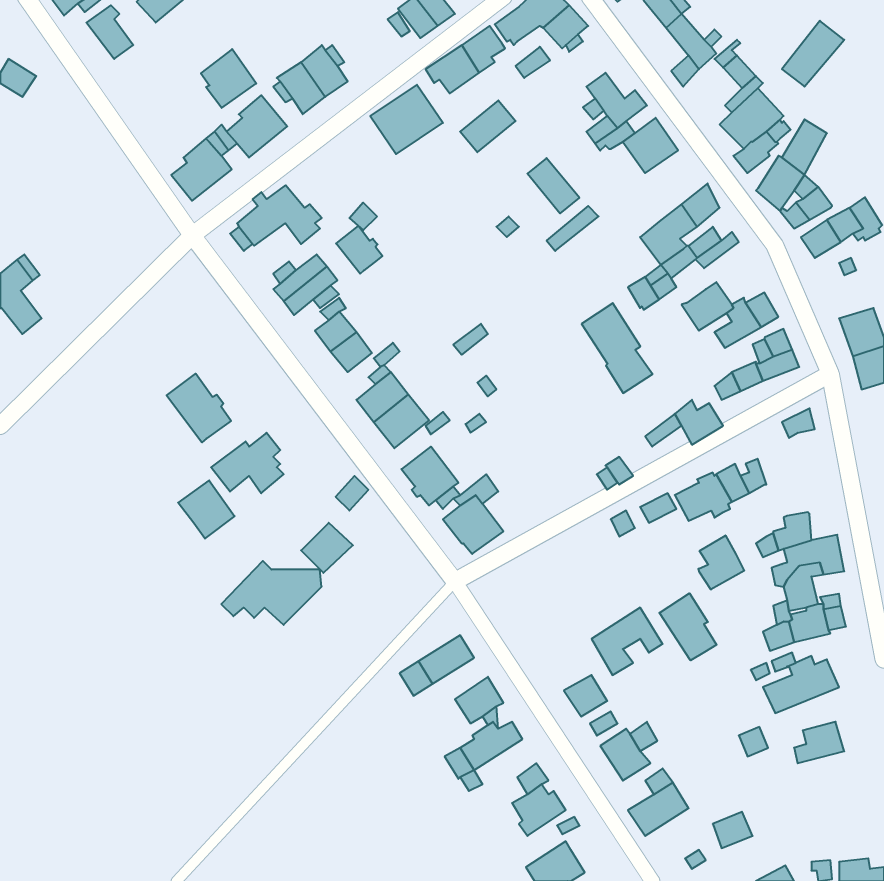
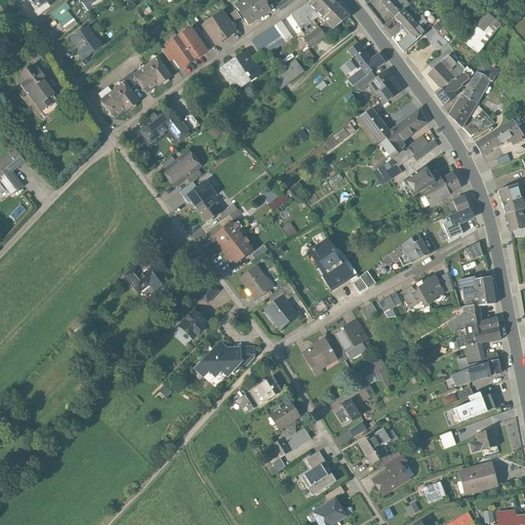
building: none -> [202,10,235,44]
building: [201,49,256,108] -> [70,27,103,62]
building: none -> [21,66,54,113]
building: [527,158,579,213] -> [360,108,391,140]
building: [336,226,382,274] -> none
building: [582,303,653,393] -> [309,238,351,291]
building: [167,374,231,442] -> none
building: none -> [460,277,494,306]
building: [178,480,235,539] -> none
building: [698,535,744,590] -> none
building: none -> [335,321,369,359]
building: [221,561,322,625] -> [196,341,255,379]
building: none -> [301,339,338,376]
building: [659,593,717,660] -> none
building: none -> [459,461,497,493]

